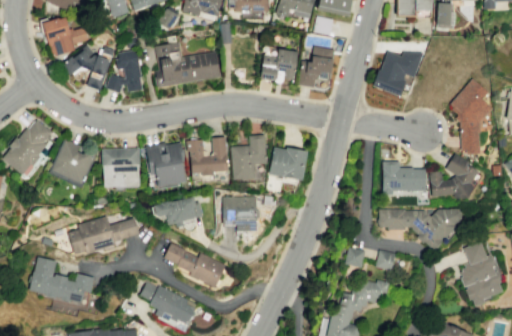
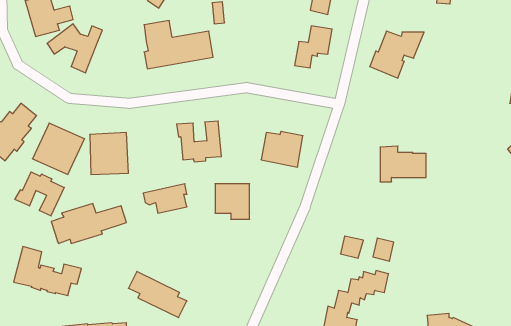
building: [260,48,299,80] -> none
building: [107,50,143,93] -> none
building: [448,77,493,154] -> none
building: [231,135,267,180] -> none
building: [147,143,187,187] -> none
building: [428,153,478,199] -> none
building: none -> [15,172,64,216]
building: [379,208,462,249] -> none
building: [163,242,227,289] -> none
building: [460,242,503,307] -> none

